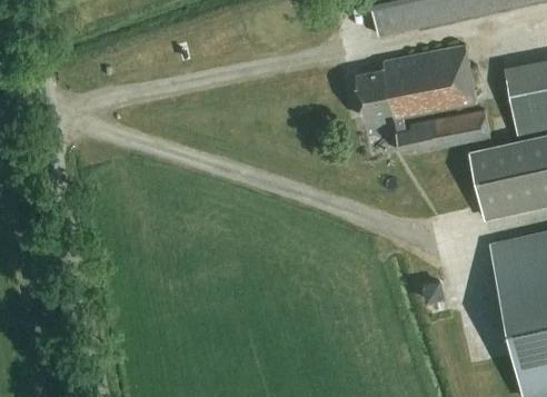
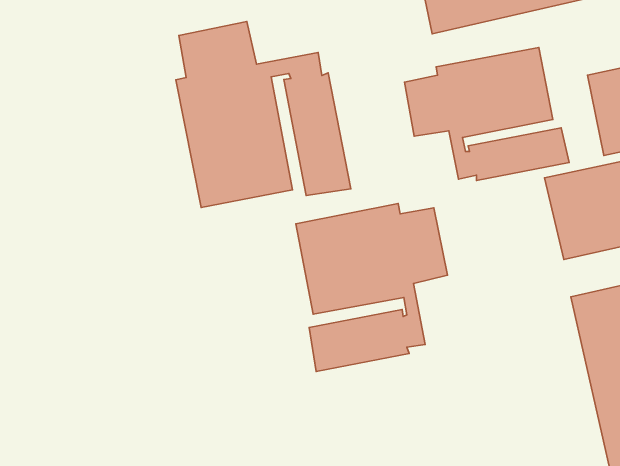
building: none -> [176,21,351,208]
building: none -> [296,203,448,372]

